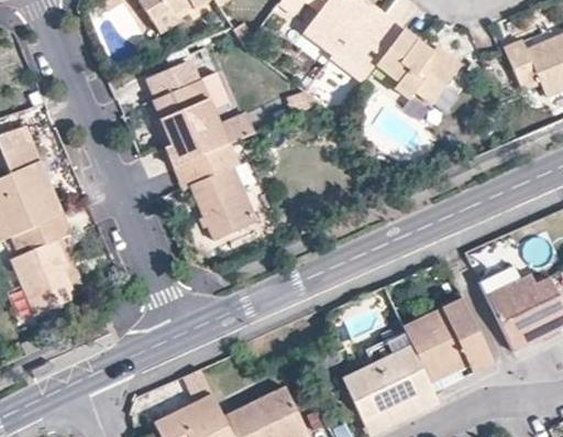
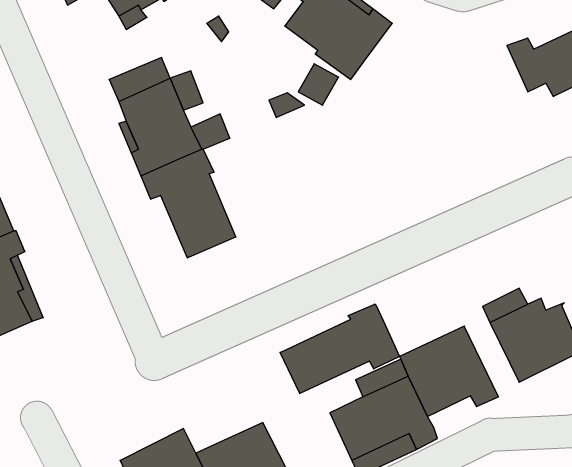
building: [374,28,454,101] -> none
building: none -> [280,304,400,394]

